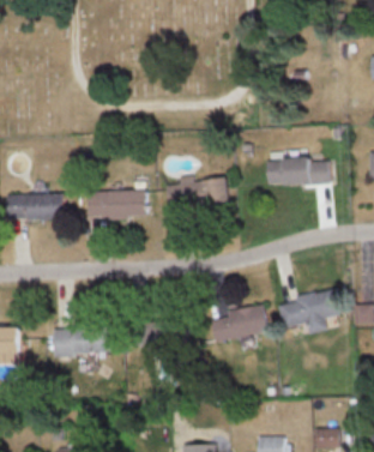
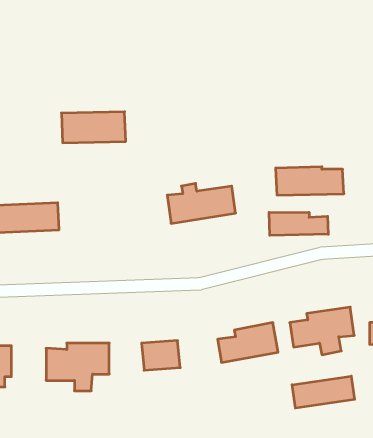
building: [88,191,147,219] -> [61,112,126,143]
building: none -> [269,212,328,235]
building: none -> [292,376,355,408]

